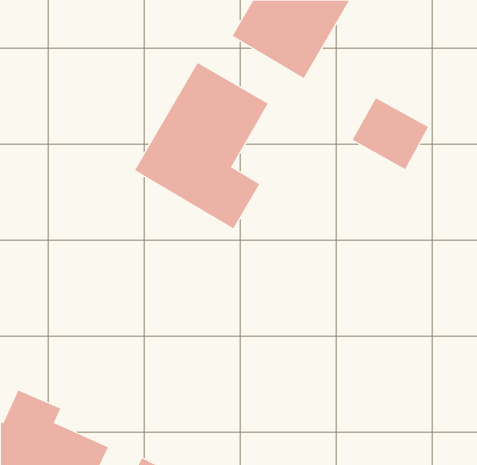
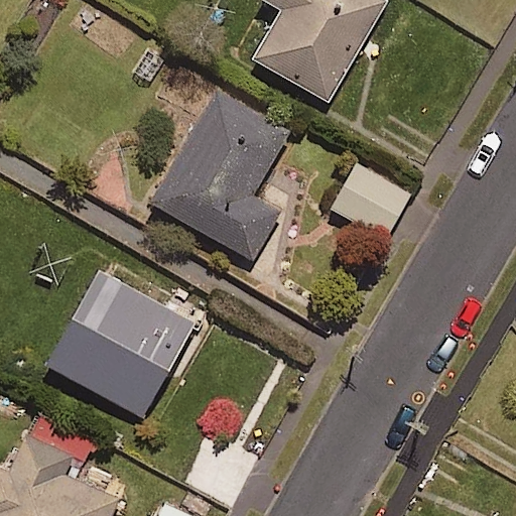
building: [352,98,429,170] -> [331,163,413,241]
building: none -> [42,270,195,418]

